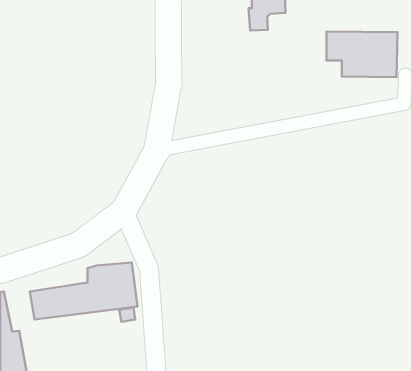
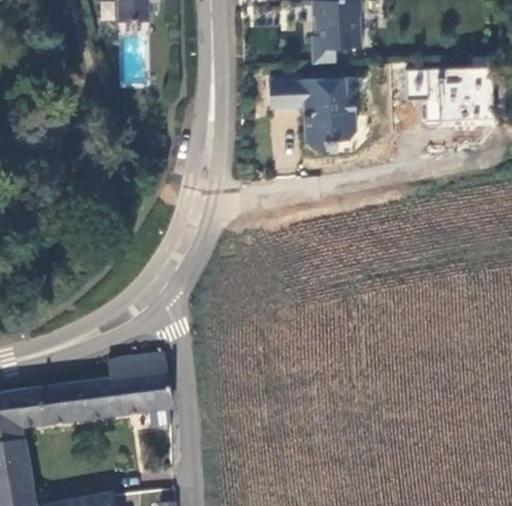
building: none -> [267,80,349,151]
building: none -> [5,385,43,439]

